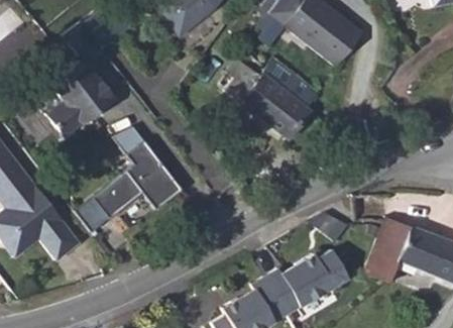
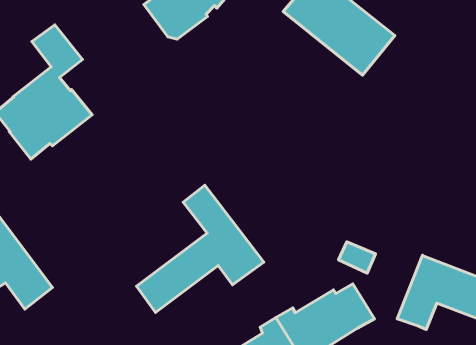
building: [225,52,318,136] -> none
building: [72,127,179,234] -> [136,185,264,312]

